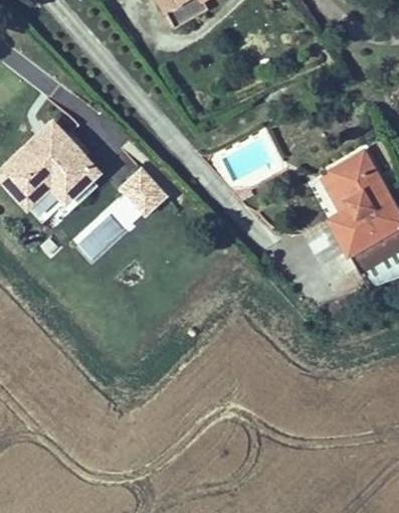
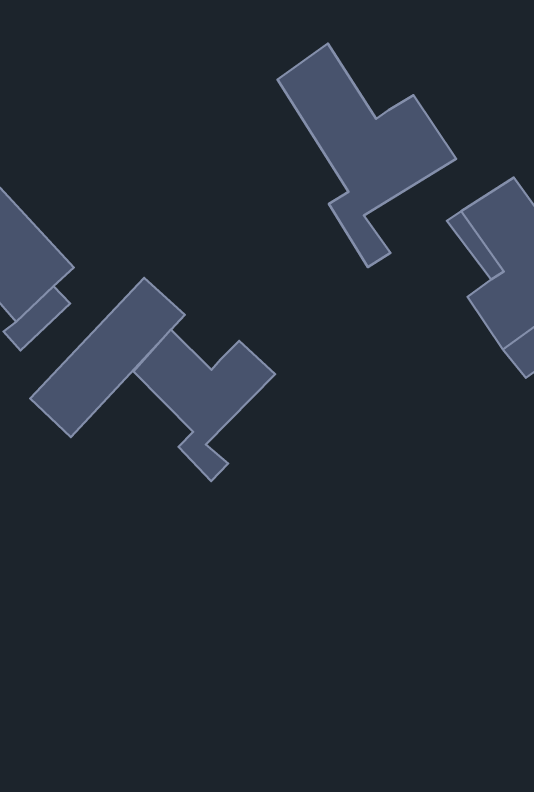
building: none -> [277,44,456,267]
building: none -> [133,330,275,481]

